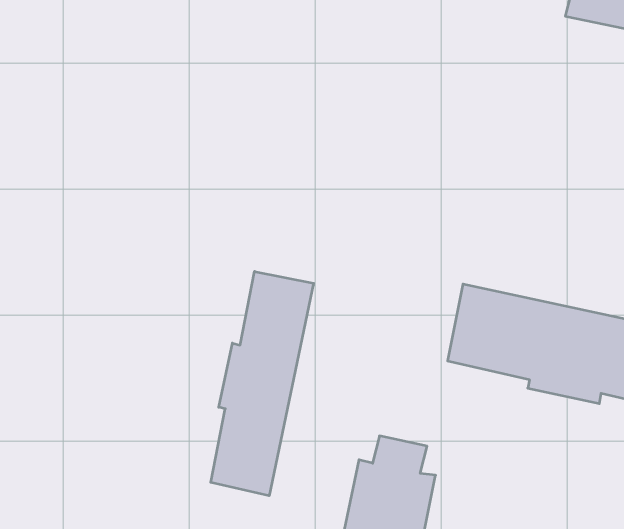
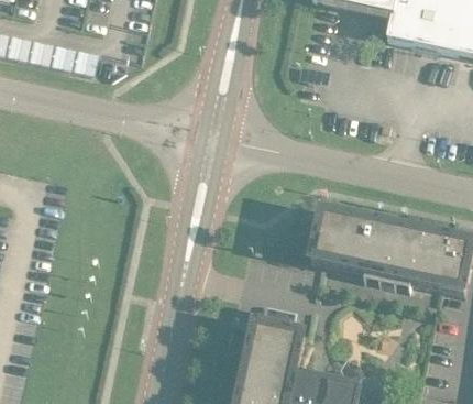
building: [211,271,314,496] -> none

